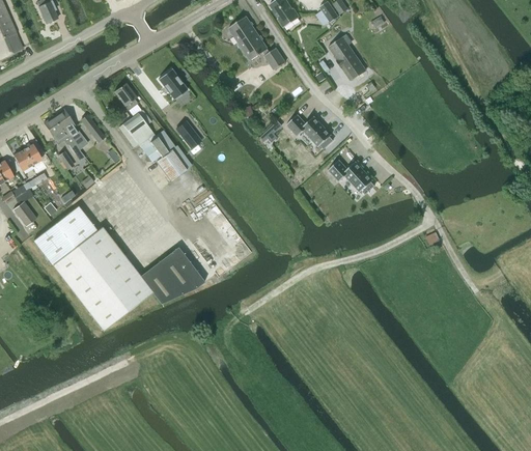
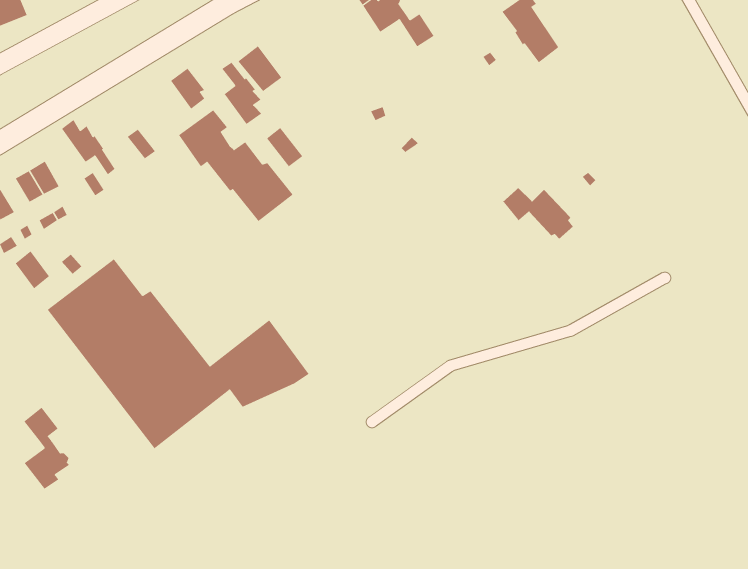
building: none -> [222,62,262,125]
building: [52,109,88,148] -> none
building: [287,114,334,149] -> none
building: none -> [24,407,70,490]

